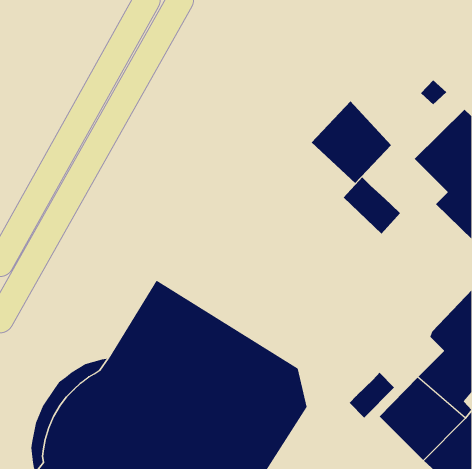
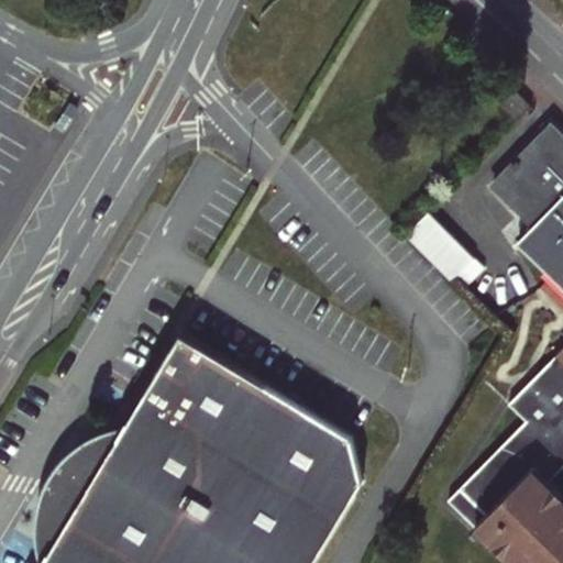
building: [311,100,392,184] -> none
building: [349,372,395,419] -> none

